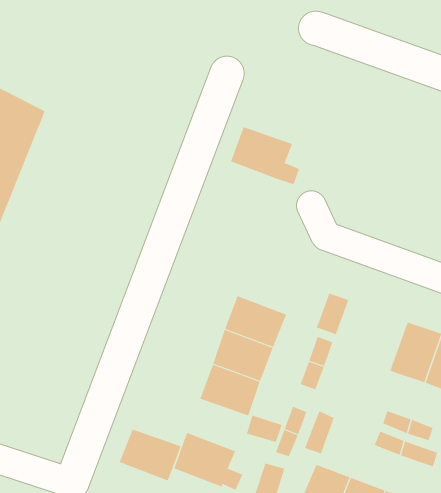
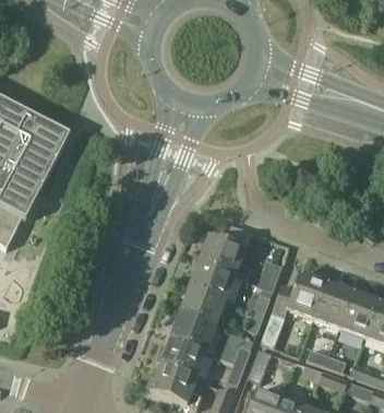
building: [230,127,300,185] -> [199,236,251,280]
building: none -> [262,272,326,346]
building: [119,429,181,481] -> [160,340,207,379]

